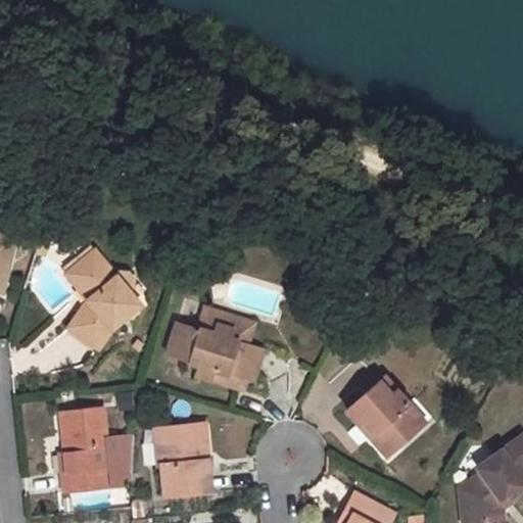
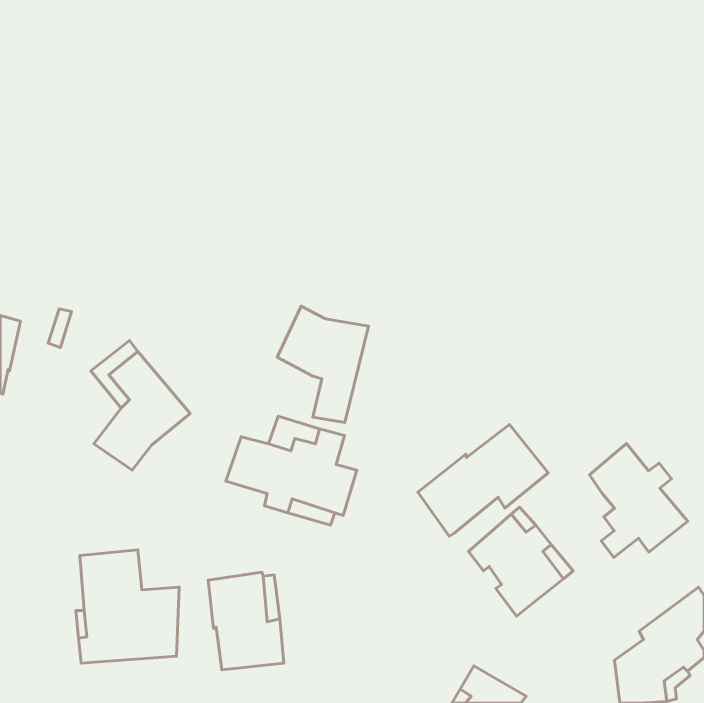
building: none -> [277,306,368,422]
building: none -> [418,424,548,536]
building: none -> [589,443,688,558]

